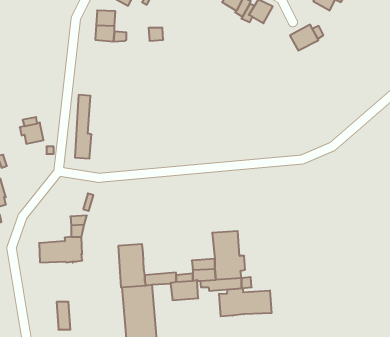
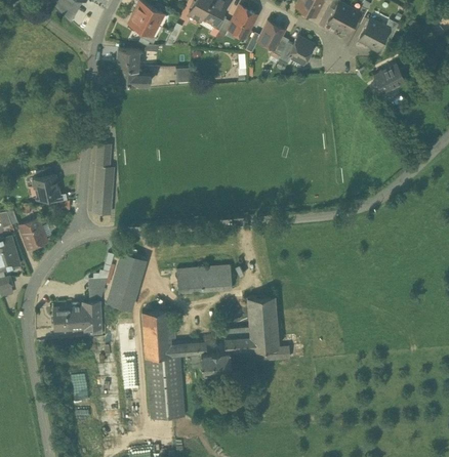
building: [290,25,318,50] -> [373,63,405,91]
building: none -> [18,218,47,249]
building: none -> [107,253,145,309]
building: none -> [176,265,232,294]
building: [219,288,272,316] -> none

